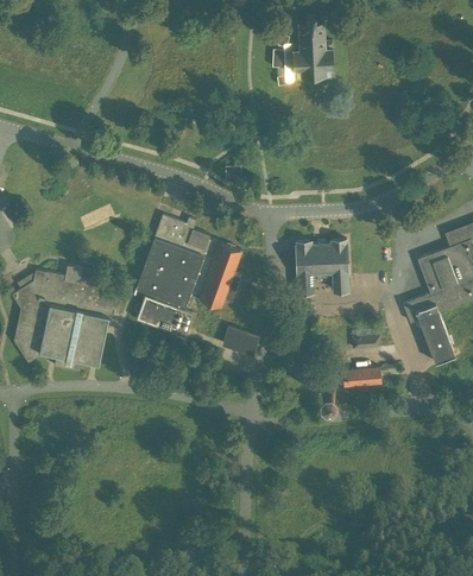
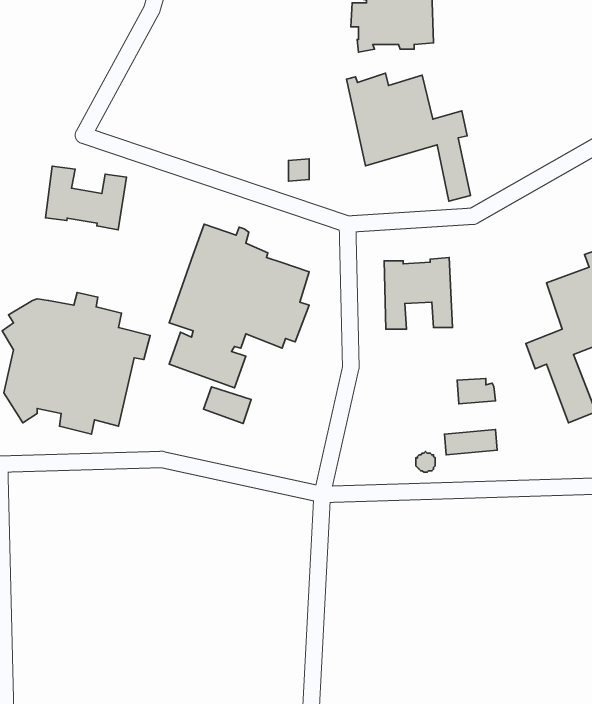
building: none -> [347,73,471,201]
building: none -> [45,166,127,230]
building: [222,327,258,354] -> [204,387,251,423]

